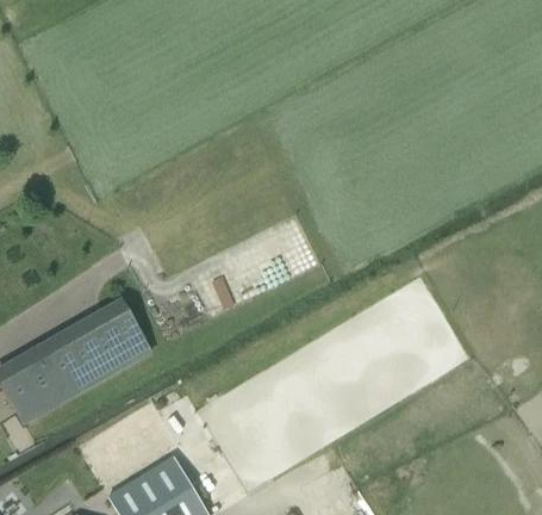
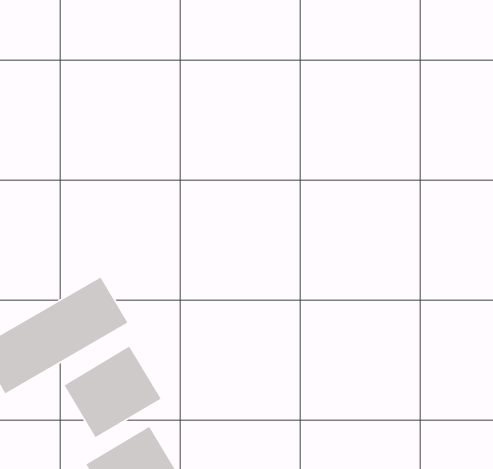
building: none -> [63,345,161,438]

